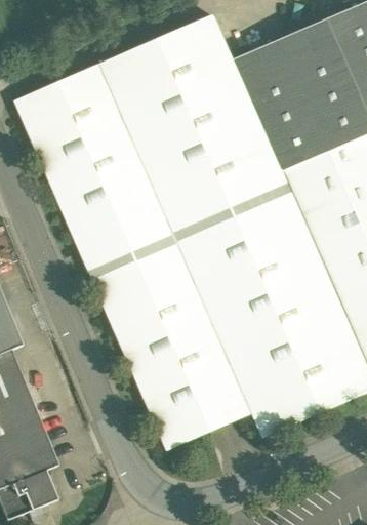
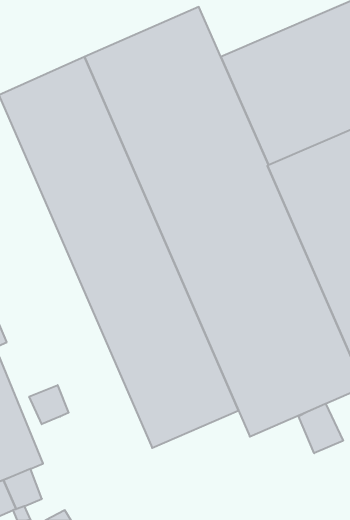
building: none -> [29,385,69,424]
building: none -> [298,404,343,453]

